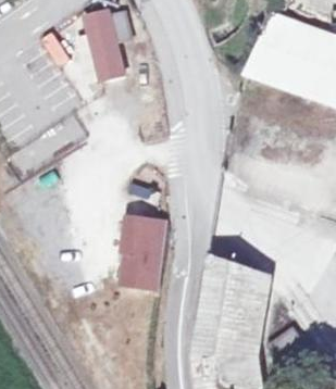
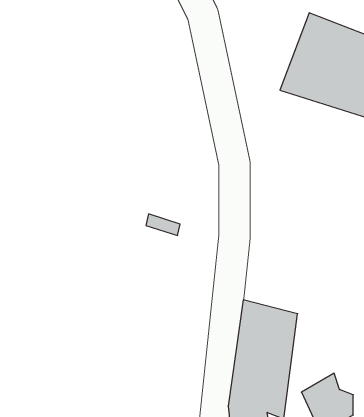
building: [83,12,128,80] -> none
building: [120,221,162,273] -> none

